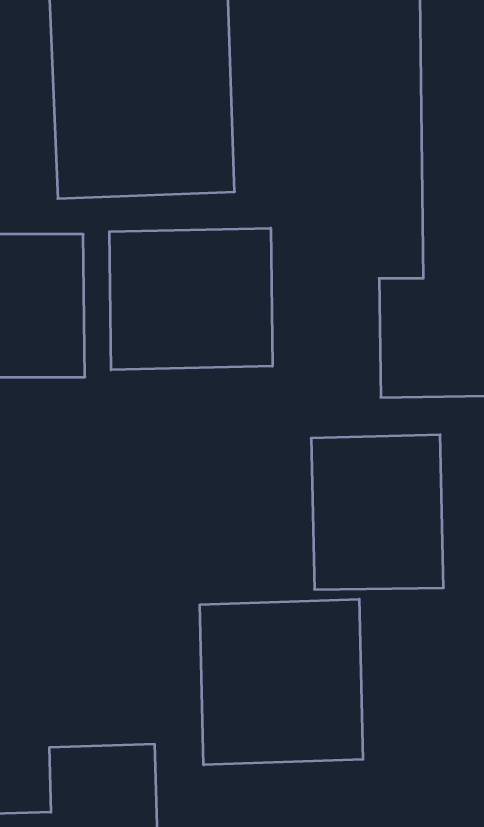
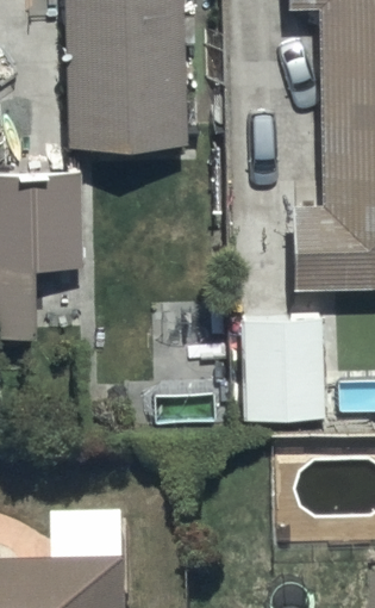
building: [109,228,272,370] -> none
building: [200,599,363,765] -> none

